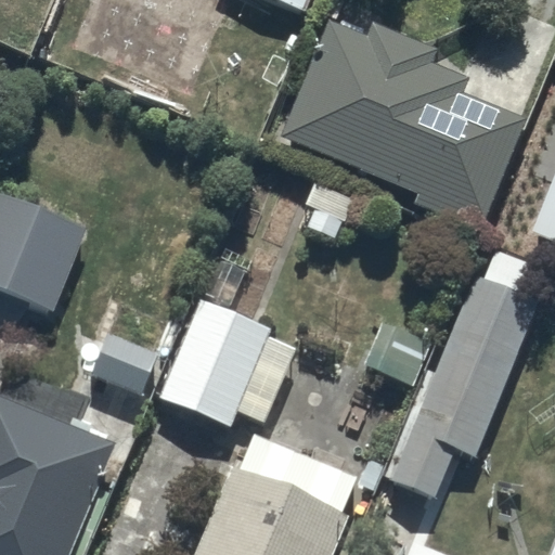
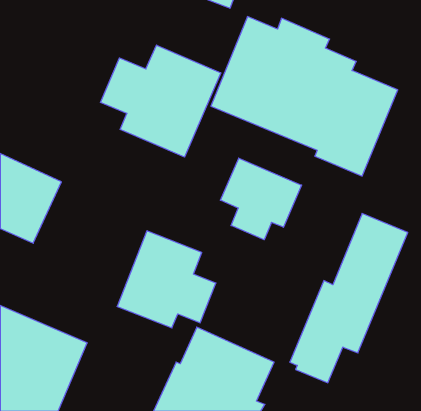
building: none -> [100,45,221,157]
building: none -> [220,158,302,240]

